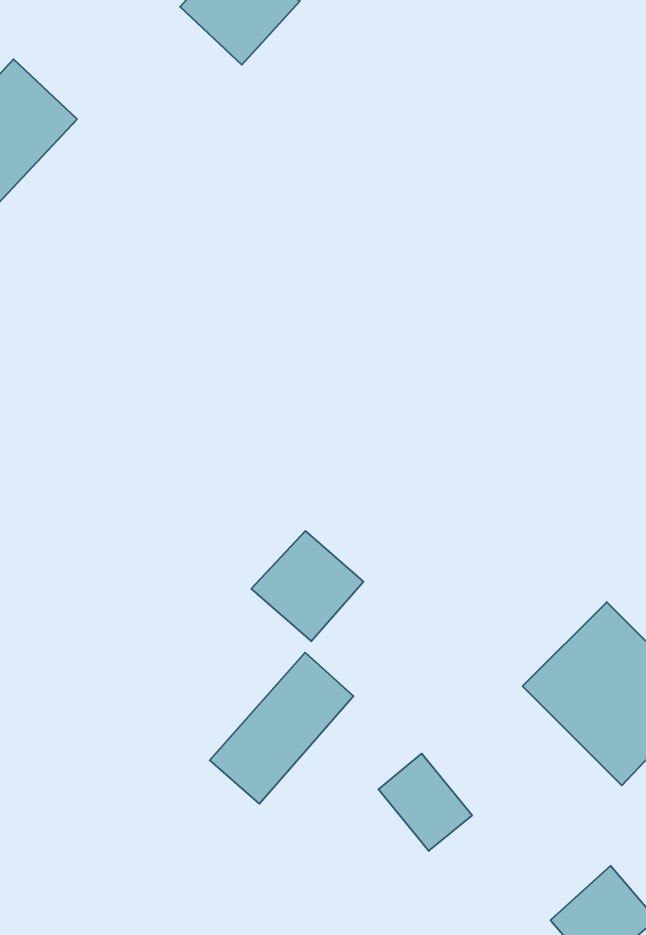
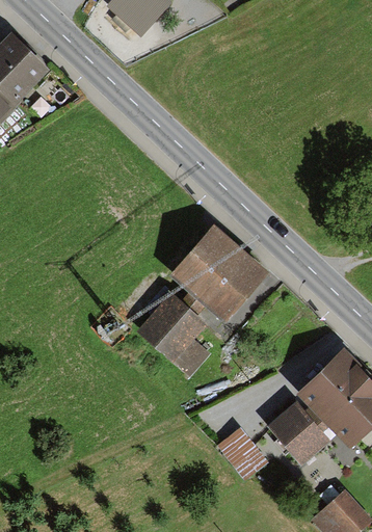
building: none -> [175,233,266,323]
building: [210,653,353,804] -> none
building: none -> [266,396,328,460]

